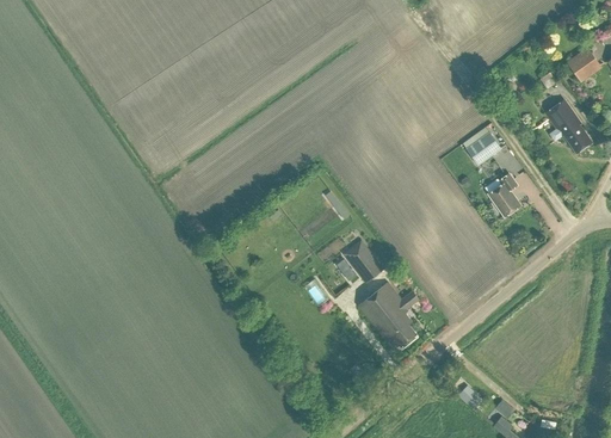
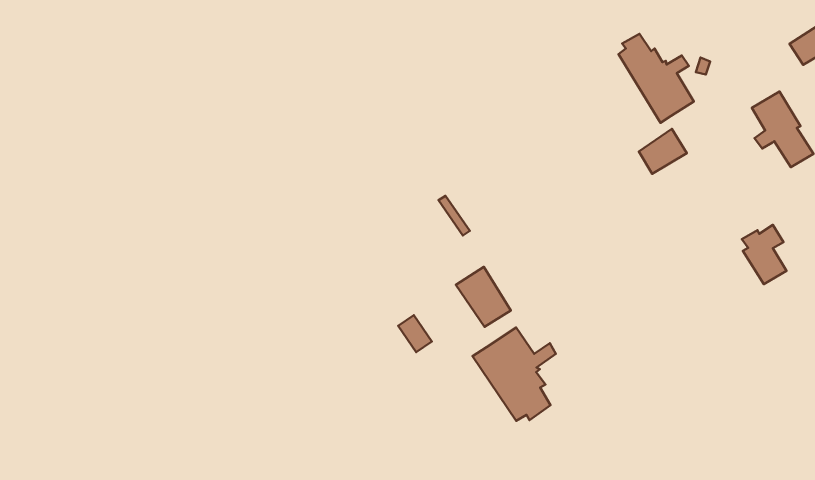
building: none -> [619,34,694,123]
building: [486,172,519,215] -> [742,225,786,284]

